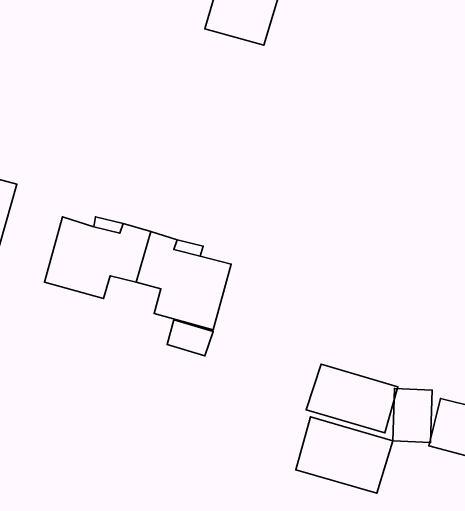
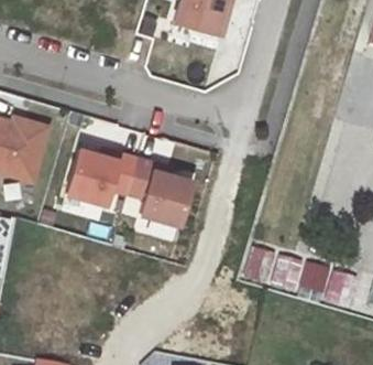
building: [296,417,393,493] -> none

